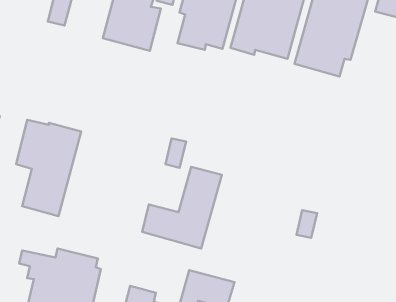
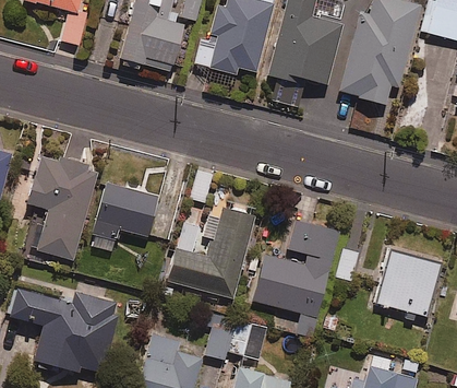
building: none -> [91,177,166,237]
building: none -> [255,222,340,339]
building: none -> [376,247,441,313]

